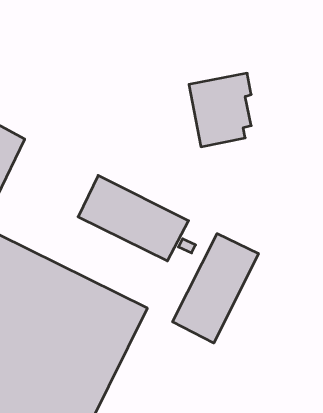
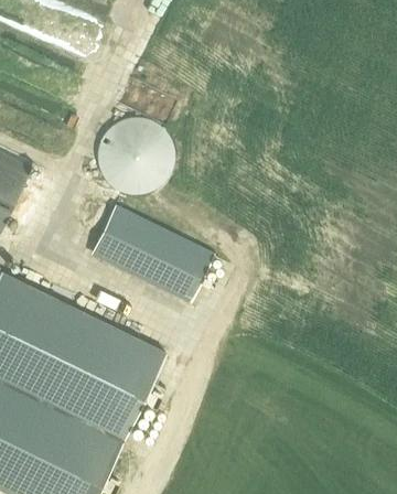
building: [189,73,251,147] -> [92,111,160,192]
building: [173,234,258,343] -> none

